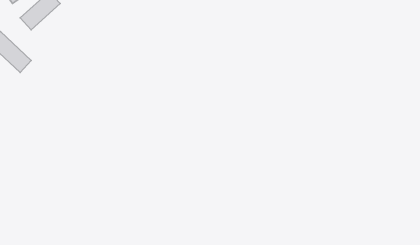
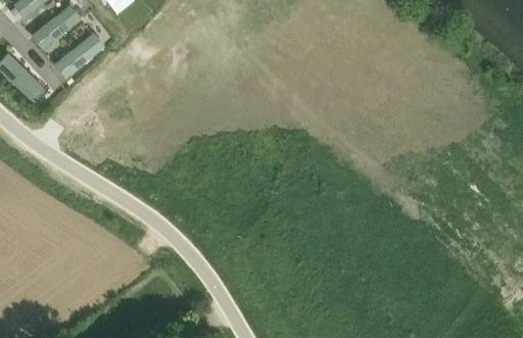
building: none -> [54,33,103,79]

